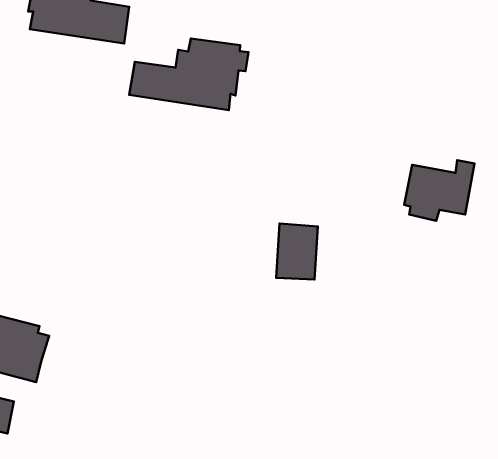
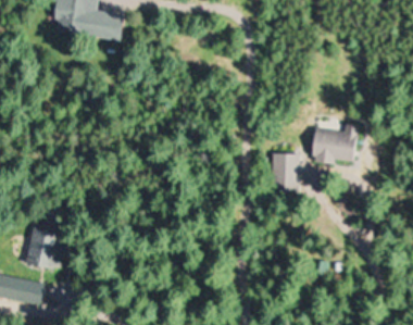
building: [129,39,248,110] -> none
building: [276,223,318,279] -> [270,151,298,189]

